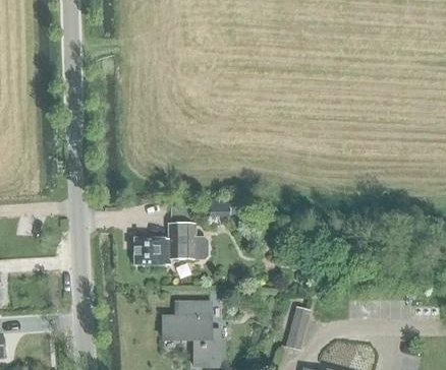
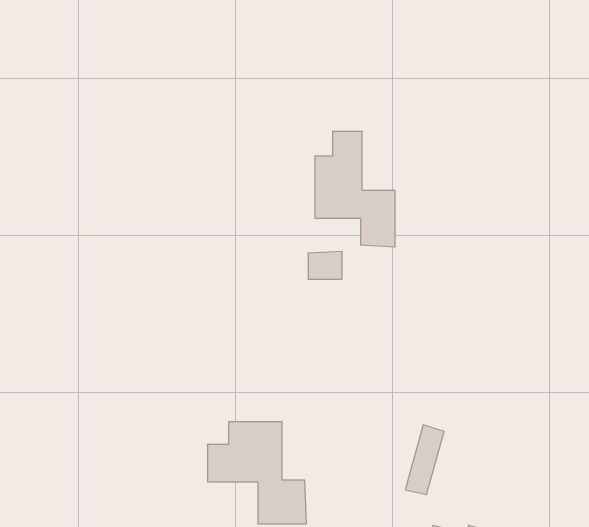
building: none -> [315,131,395,247]
building: [130,226,206,266] -> none

